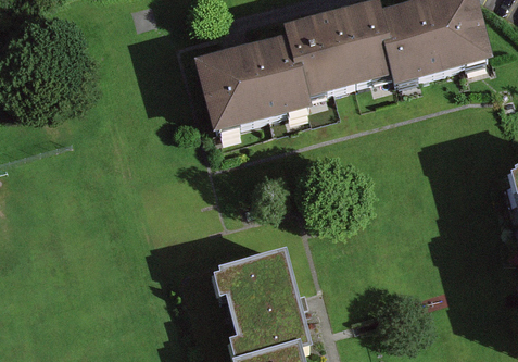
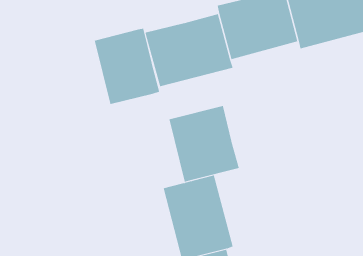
building: none -> [94,28,160,105]
building: none -> [169,105,239,183]

